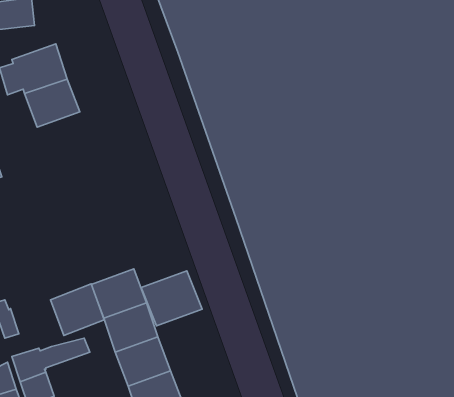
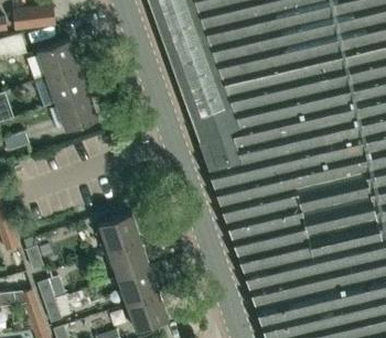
building: none -> [56,94,98,132]
building: [141,271,202,326] -> none
building: [51,284,104,336] -> none

